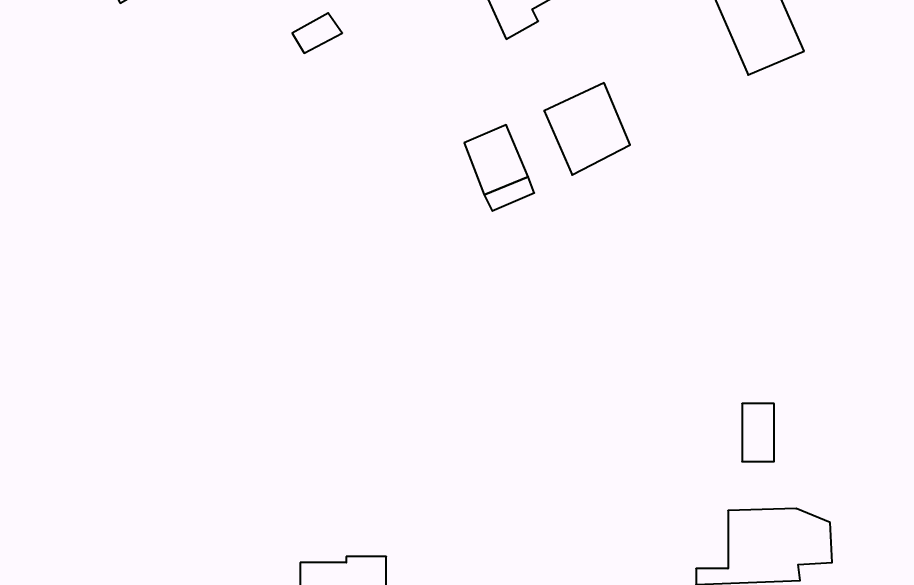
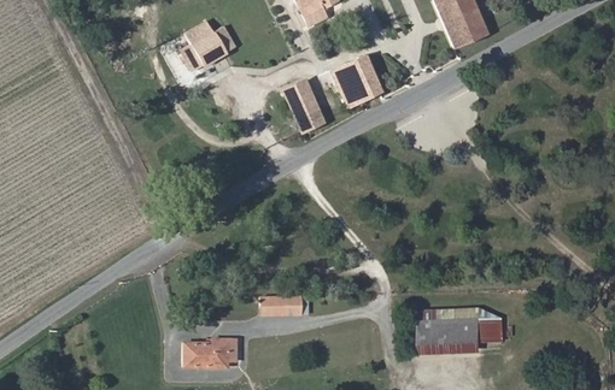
building: none -> [193,30,227,64]
building: [742,404,774,462] -> [423,311,443,345]
building: none -> [263,295,301,314]

